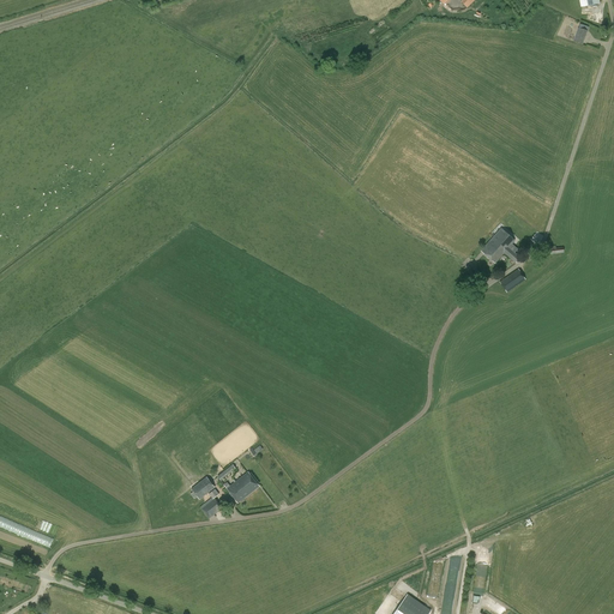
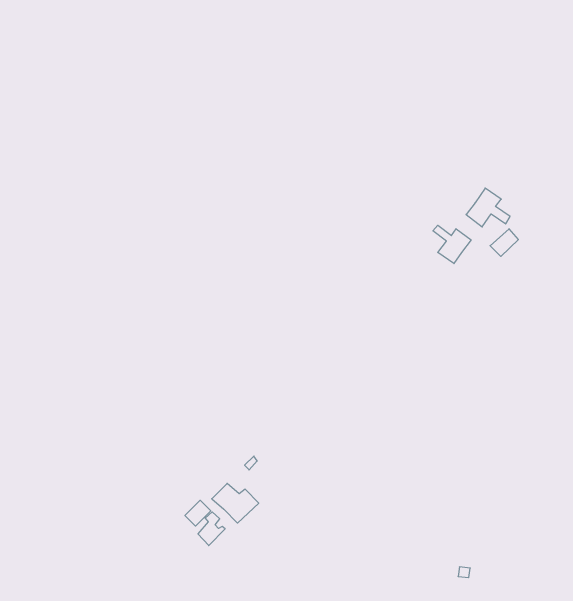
building: none -> [433,225,471,264]

